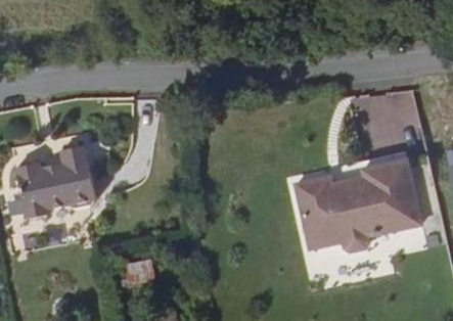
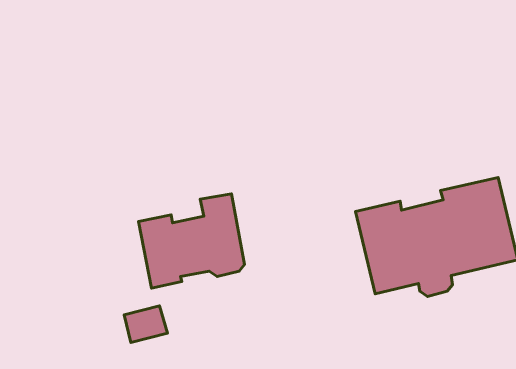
building: [24,136,106,210] -> [139,194,244,288]

